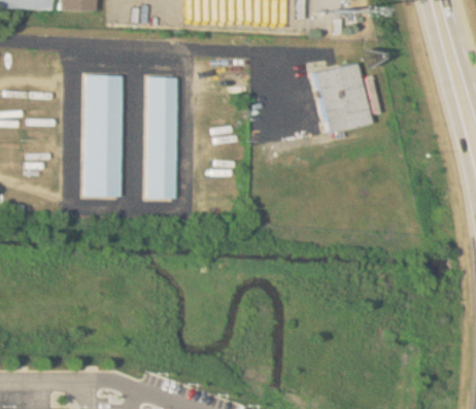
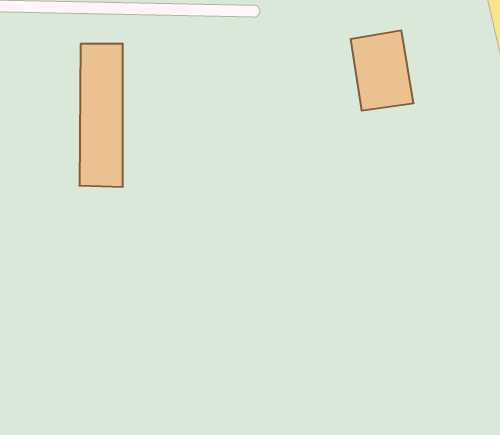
building: [147,76,177,198] -> none

